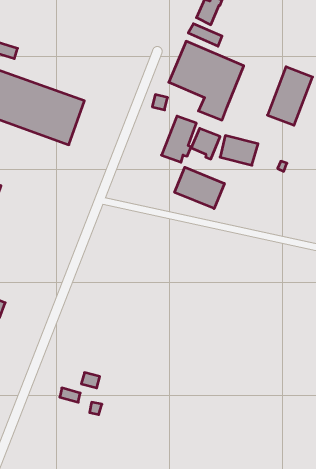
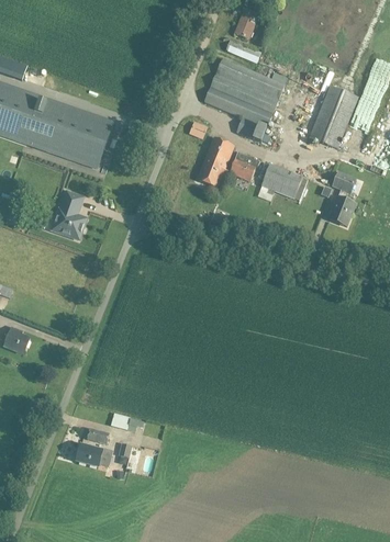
building: none -> [327,173,355,226]
building: none -> [52,192,85,237]
building: [175,167,224,209] -> none
building: none -> [76,444,112,466]

